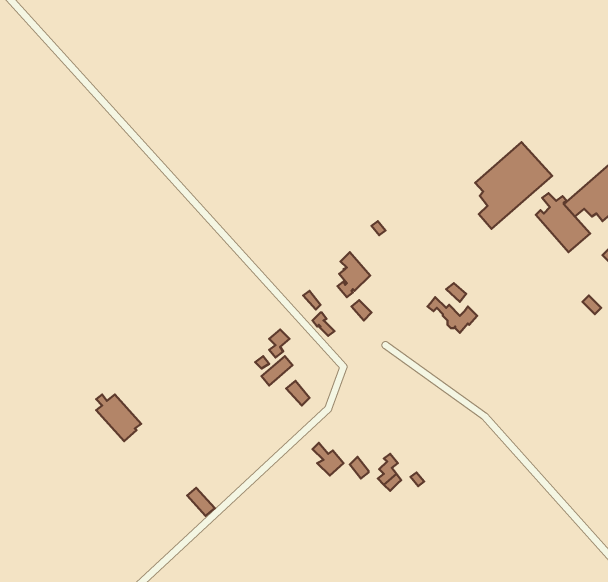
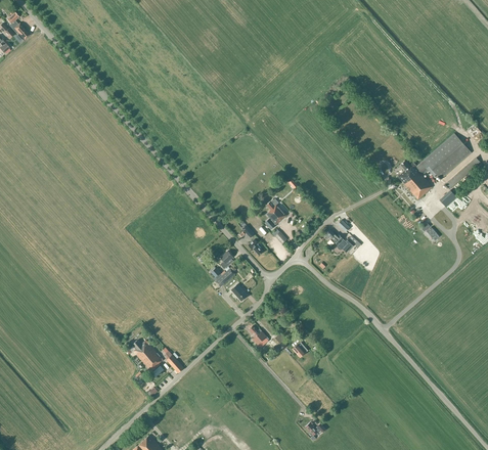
building: [475,142,552,229] -> none
building: [96,395,141,441] -> [132,341,162,371]

